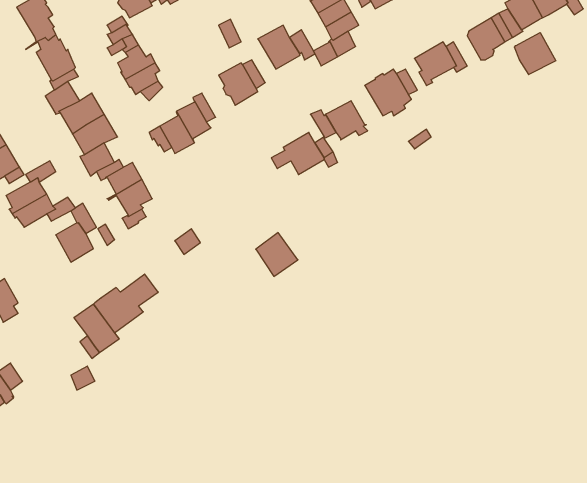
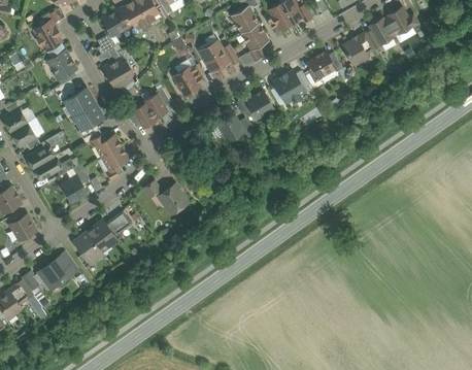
building: [514,33,556,75] -> none
building: [256,233,298,276] -> [158,184,187,214]
building: none -> [38,253,74,289]

